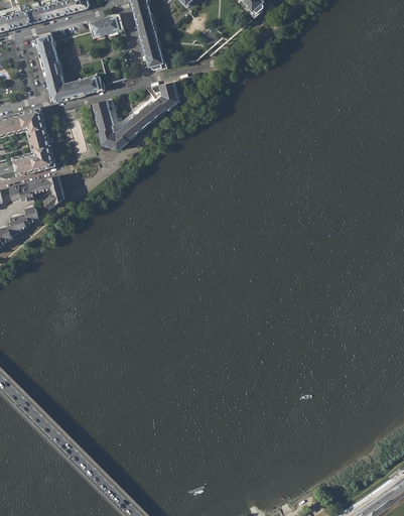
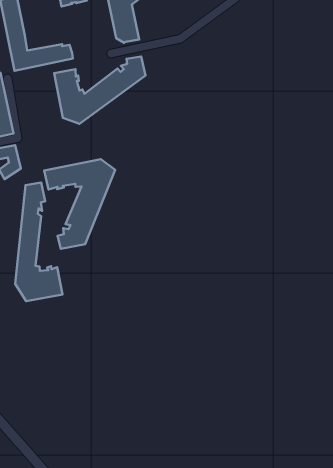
building: none -> [44,159,115,249]
building: none -> [15,182,62,301]

